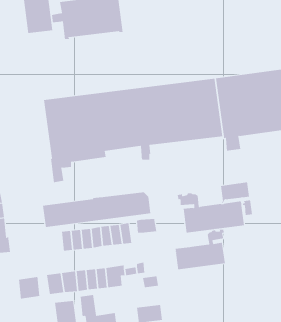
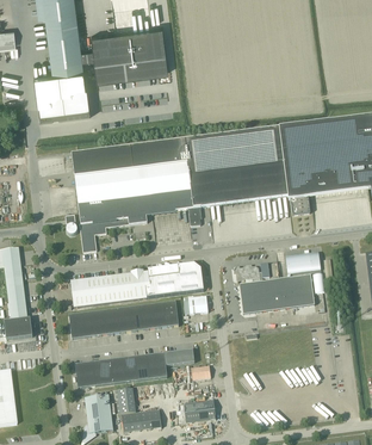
building: none -> [32,69,88,123]
building: [175,229,225,270] -> none
building: [18,276,40,299] -> [68,311,94,339]

